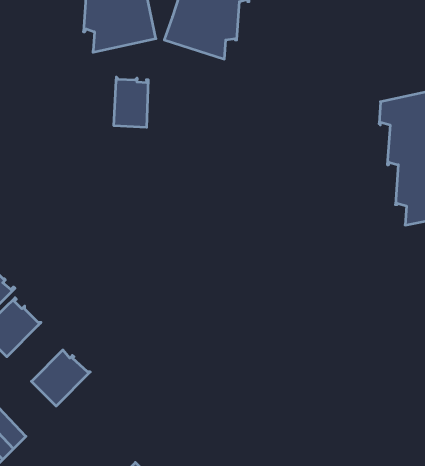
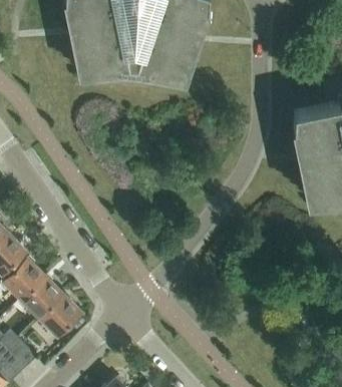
building: [114,77,148,127] -> none
building: none -> [20,279,63,320]

